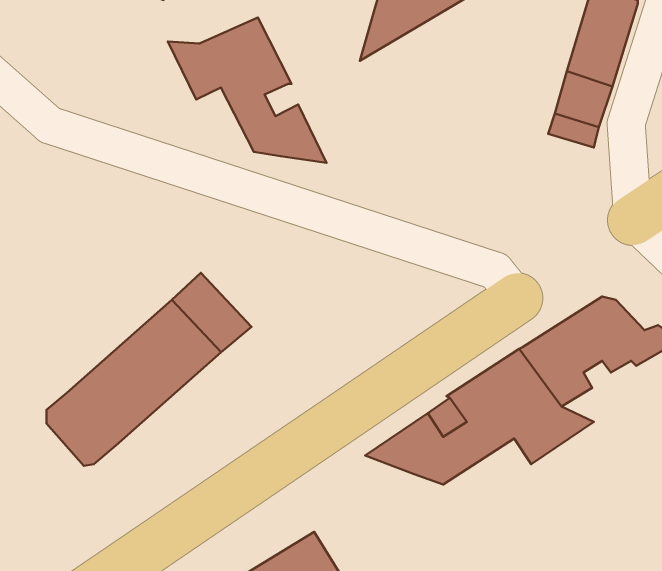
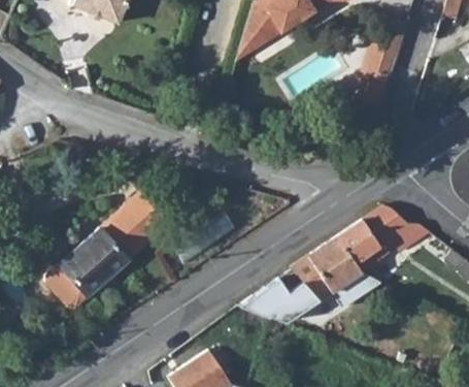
building: [168,18,326,163] -> none

